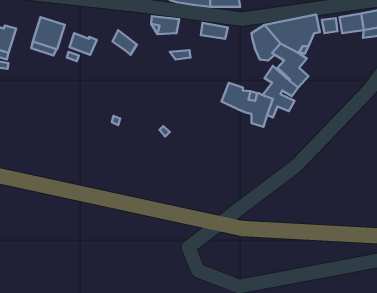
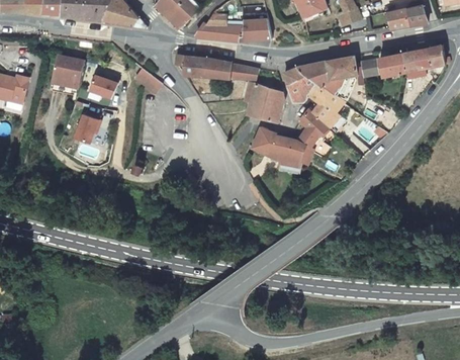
building: none -> [203,59,232,76]
building: none -> [247,82,282,122]
building: none -> [73,112,99,142]

